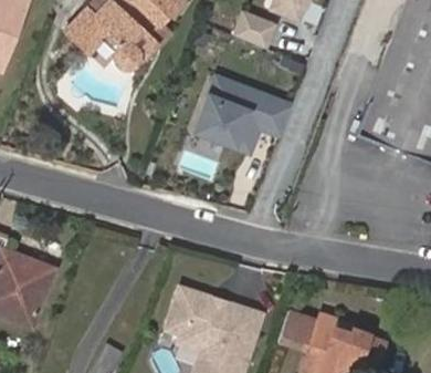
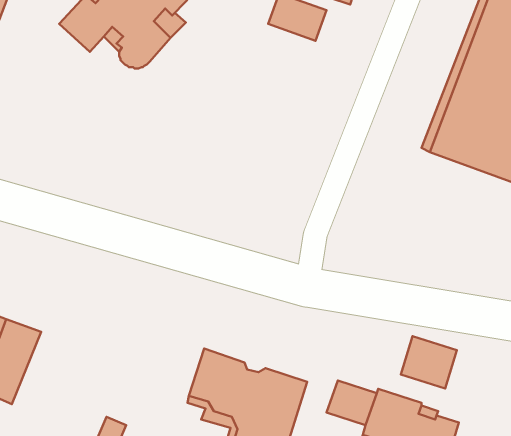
building: [188,66,295,153] -> none
building: none -> [401,336,457,388]

